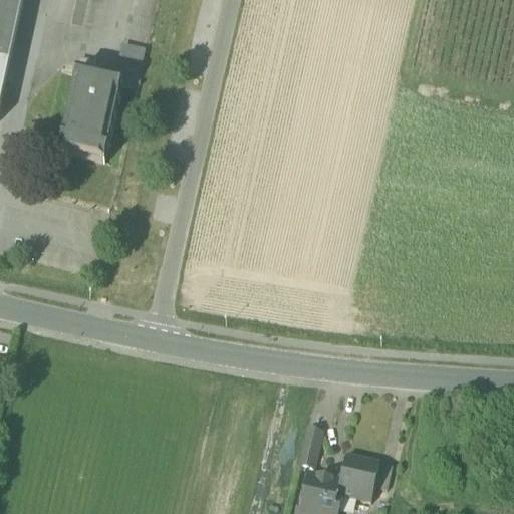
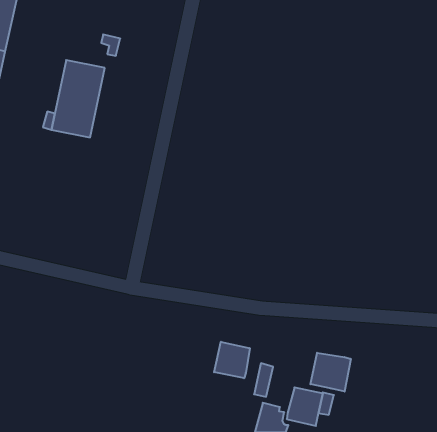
building: none -> [214,342,250,378]
building: none -> [310,353,351,392]

